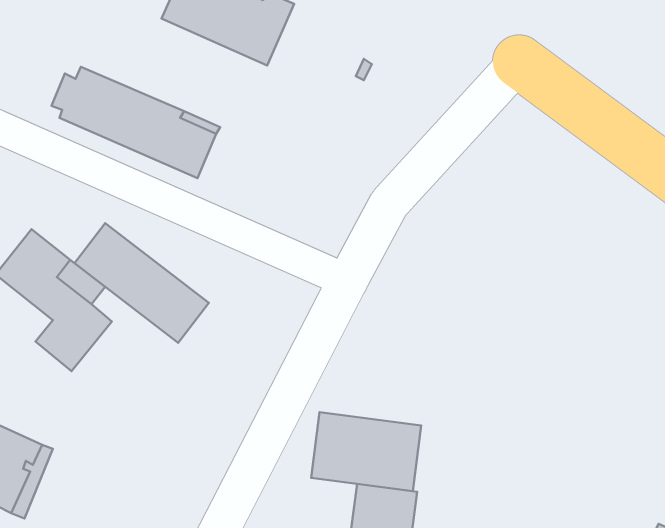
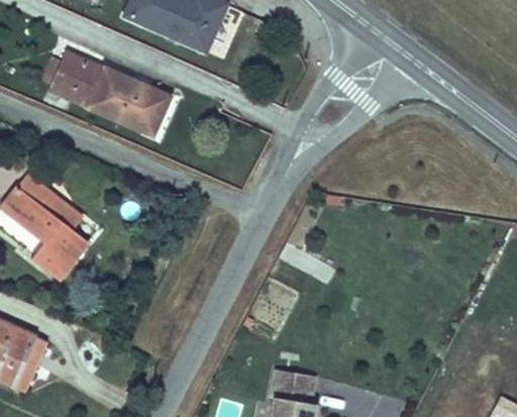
building: [75,223,209,343] -> none
building: [311,412,421,491] -> none

